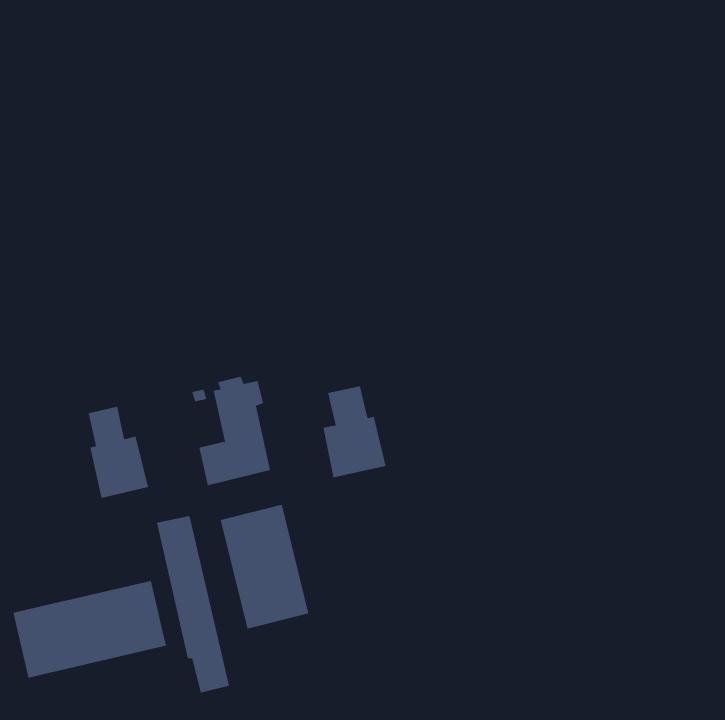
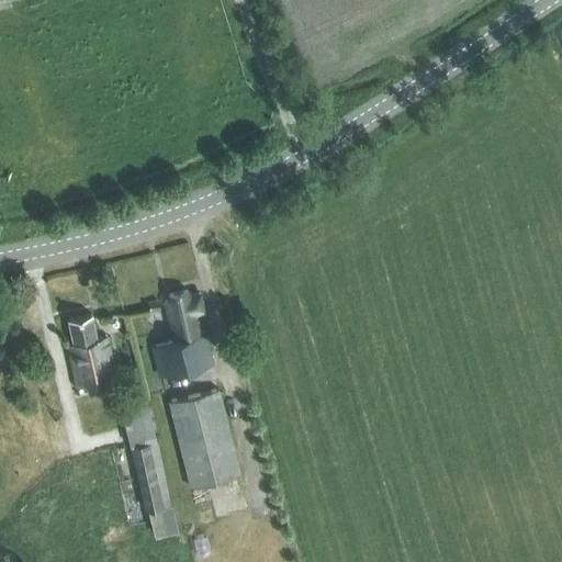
building: [323,385,386,478] -> none
building: [13,580,166,679] -> none

